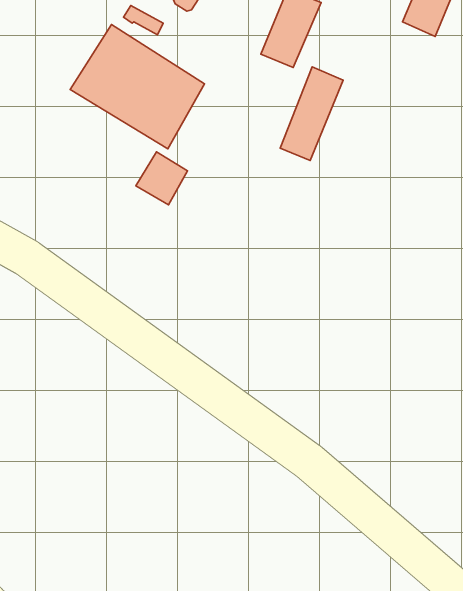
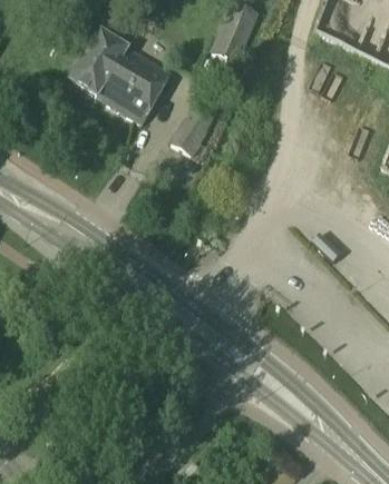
building: [280,67,343,160] -> none
building: [136,152,188,205] -> [169,115,208,155]

